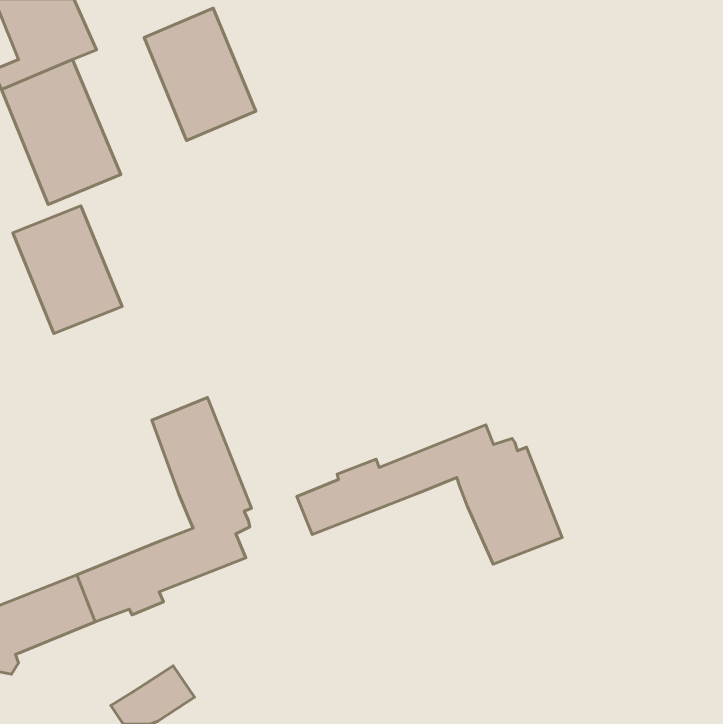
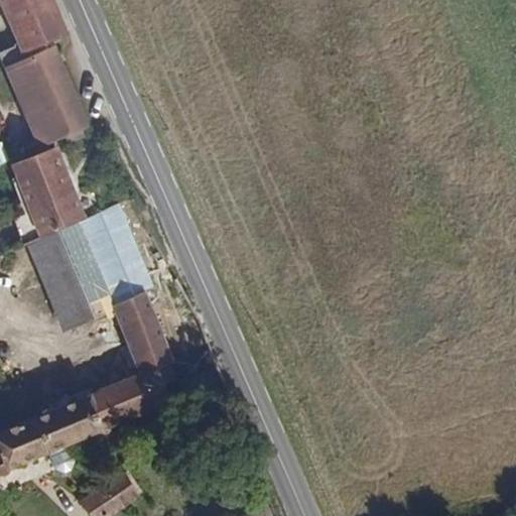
building: [144,8,256,140] -> none
building: none -> [23,204,152,320]
building: [297,425,562,564] -> none

